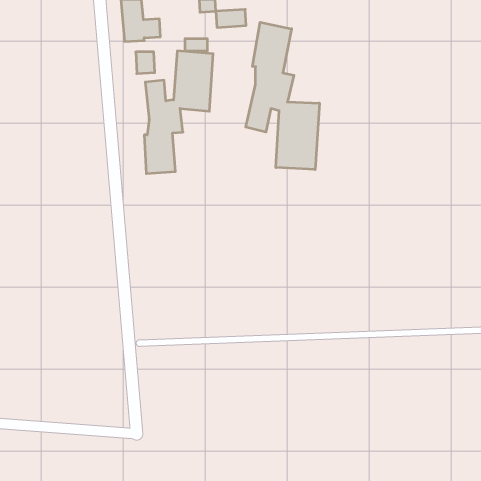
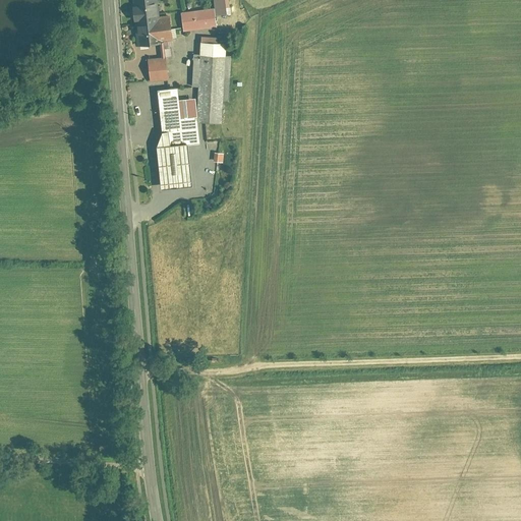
building: [216,9,246,27] -> [181,11,214,31]
building: [246,22,319,170] -> none

